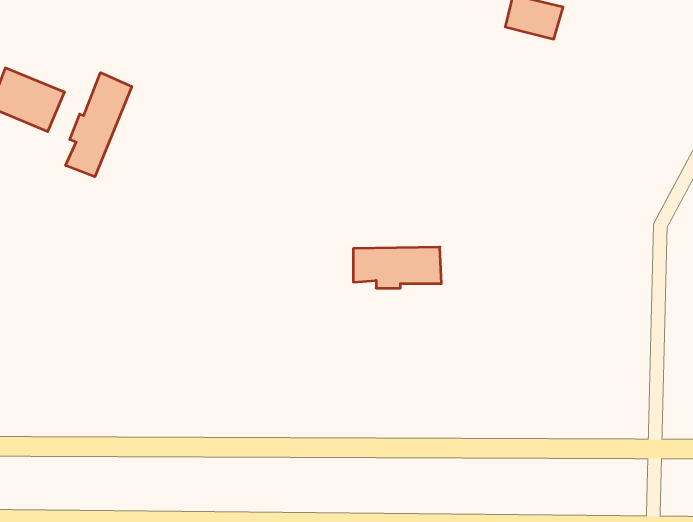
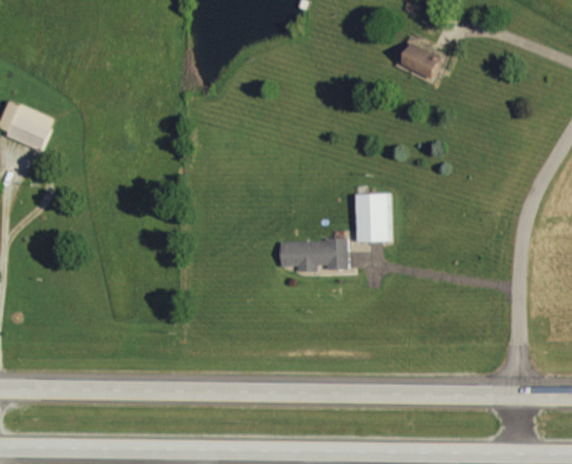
building: [66,73,132,177] -> none
building: none -> [355,193,389,242]

